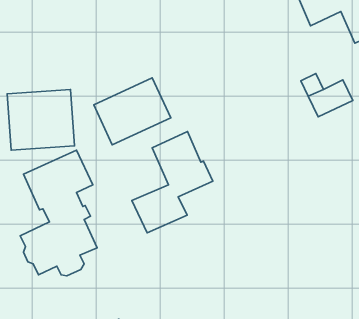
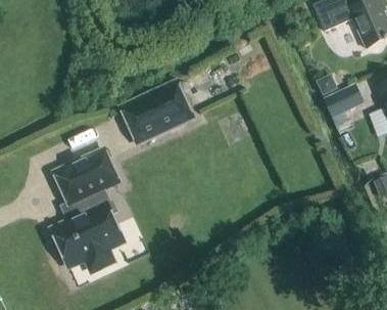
building: [7,90,75,150] -> none
building: [132,131,213,233] -> none

